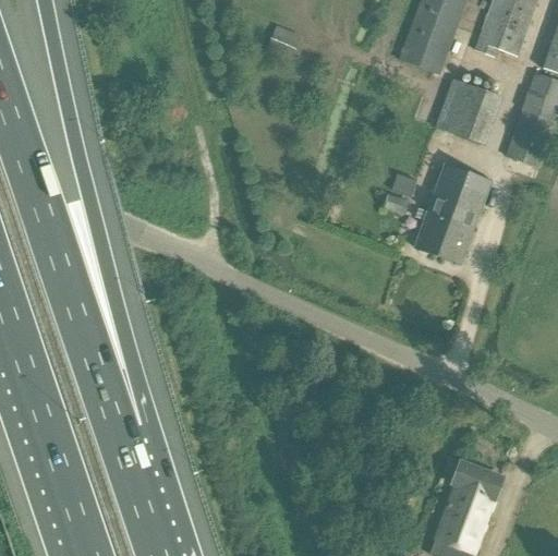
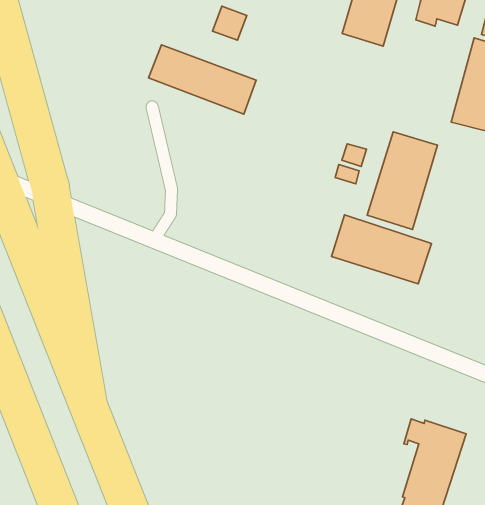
building: [434,58,504,145] -> none
building: none -> [149,45,256,114]
building: none -> [331,215,431,284]

